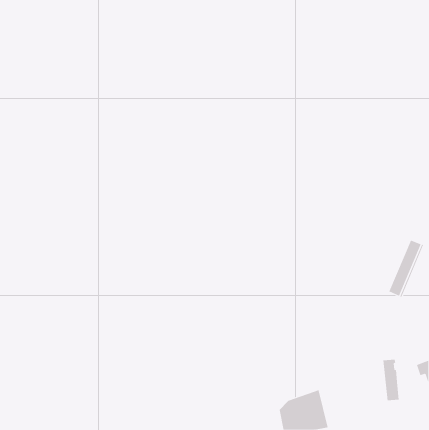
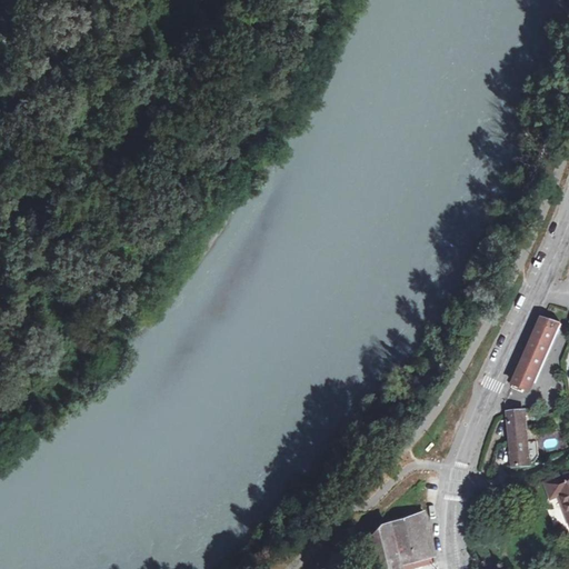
building: [383,359,400,401] -> [508,410,530,465]

